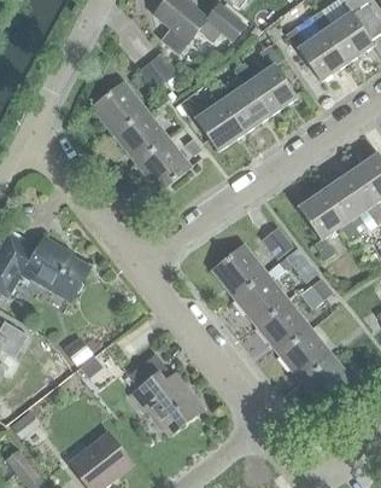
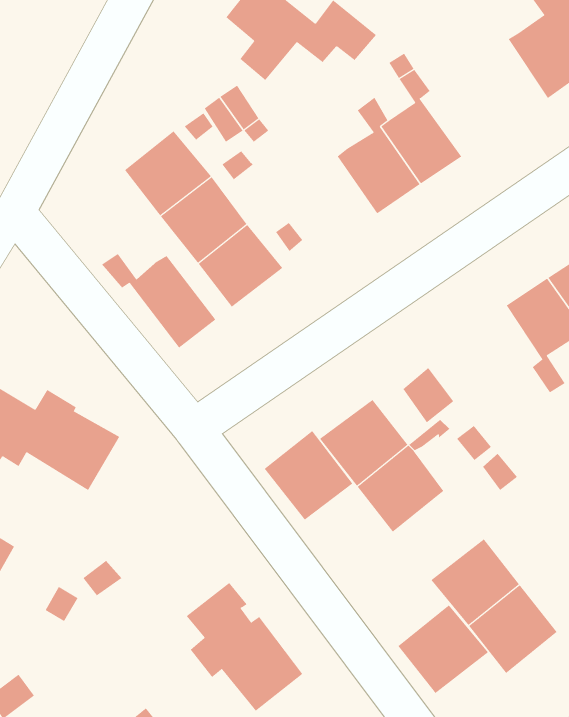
building: [285,8,350,81] -> none
building: [197,79,246,150] -> none
building: none -> [101,253,216,349]
building: [298,187,346,258] -> none
building: none -> [264,430,353,520]
building: [256,300,311,354] -> [397,604,489,694]

